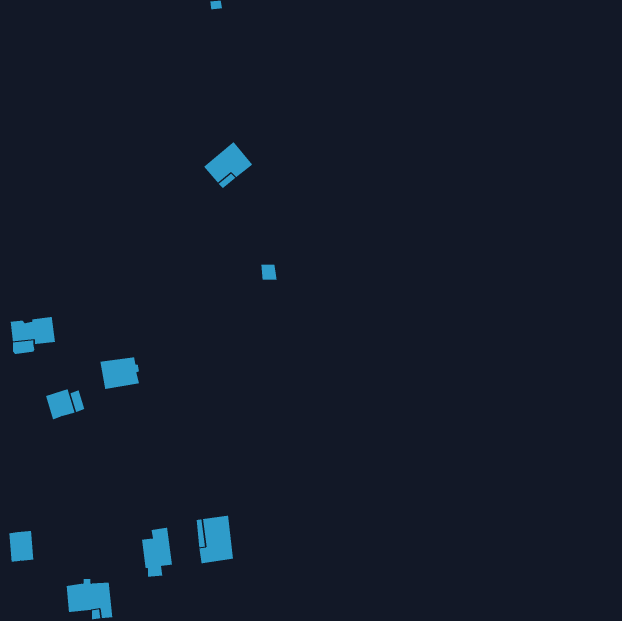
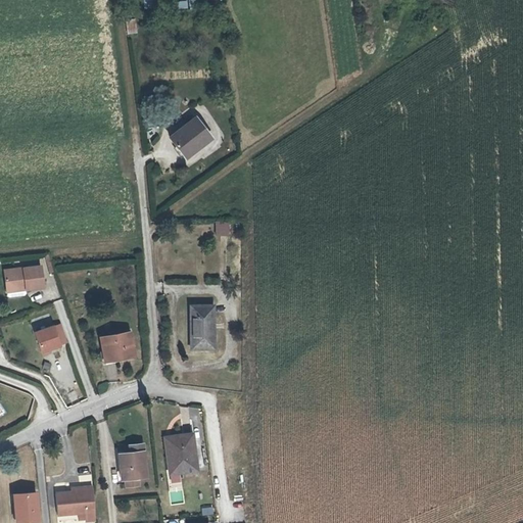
building: [100,357,140,390] -> [100,332,134,360]
building: none -> [189,307,212,350]
building: [9,531,34,562] -> [17,490,39,517]

